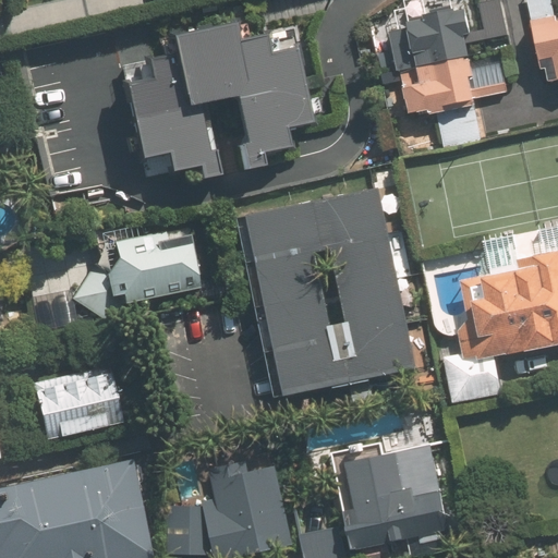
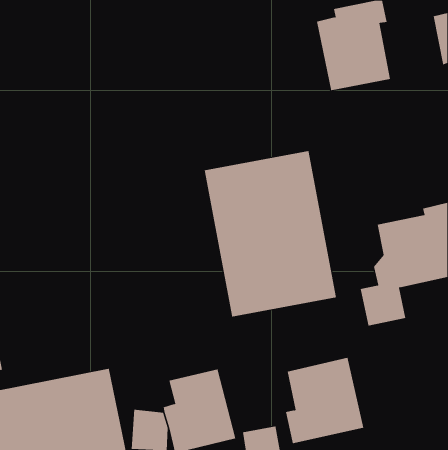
building: [134,17,318,181] -> none
building: [66,234,197,319] -> none
building: [34,368,120,439] -> none

